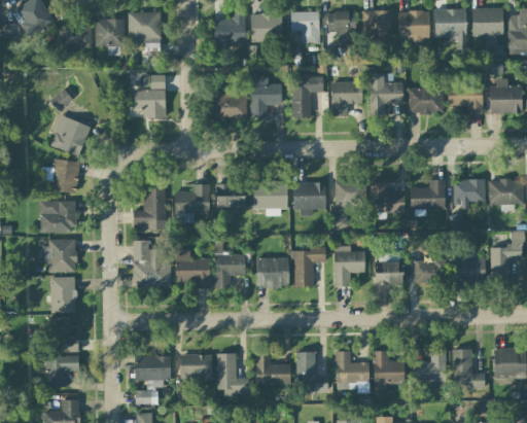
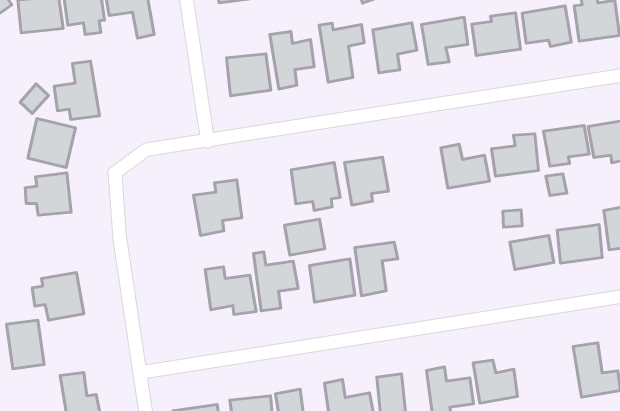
building: [135,75,167,118] -> [54,61,99,120]
building: [336,181,366,210] -> none
building: [216,183,245,208] -> [284,219,325,255]
building: [134,185,166,228] -> none
building: [40,201,76,233] -> none
building: [133,240,171,288] -> none
building: [335,246,365,286] -> none
building: [376,261,403,285] -> none
building: [51,277,76,312] -> [7,320,44,369]
building: [414,350,447,382] -> none

